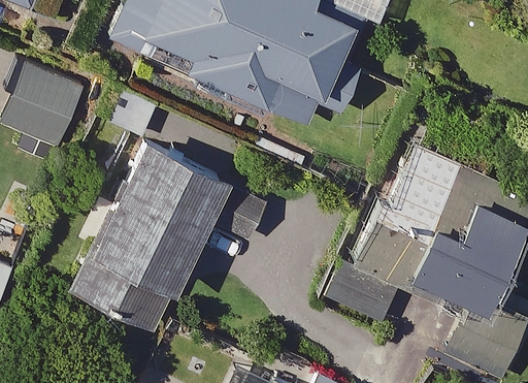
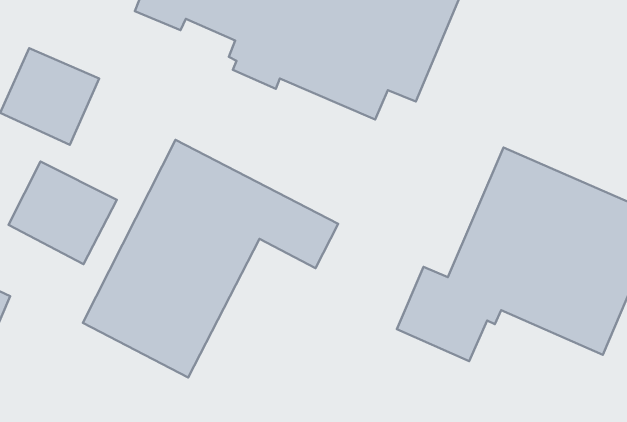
building: none -> [8,161,117,264]

